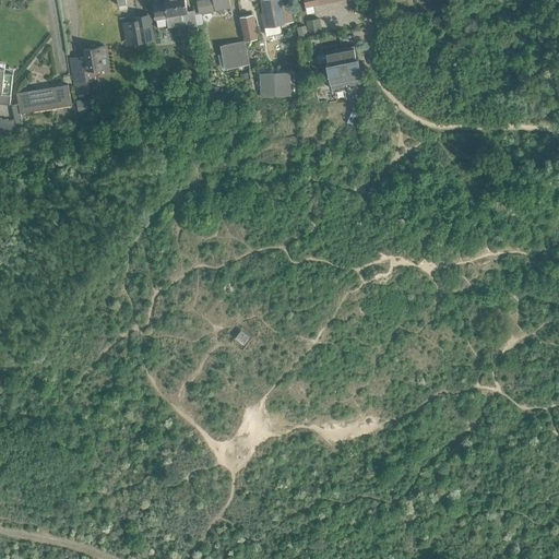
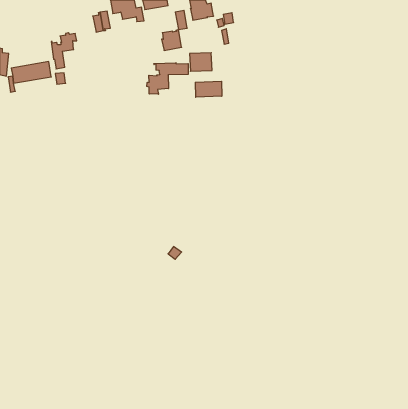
building: [324,46,359,88] -> none
building: none -> [147,63,188,94]
building: none -> [195,81,222,97]

